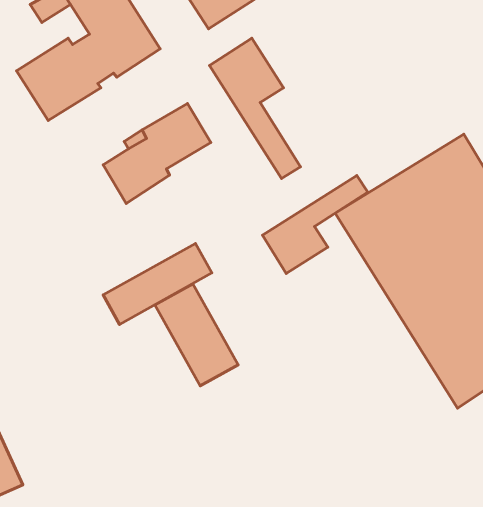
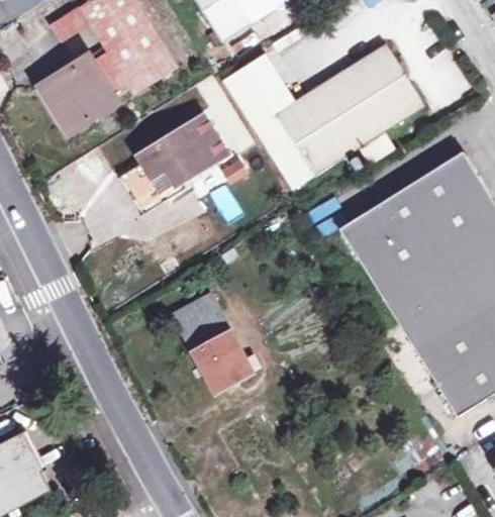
building: none -> [272,46,424,179]
building: [263,175,368,273] -> none
building: [103,243,212,324] -> none

